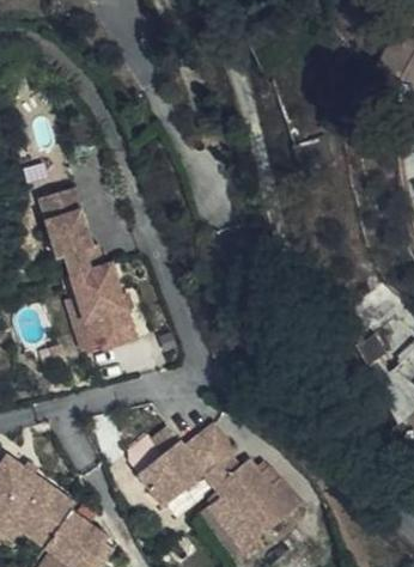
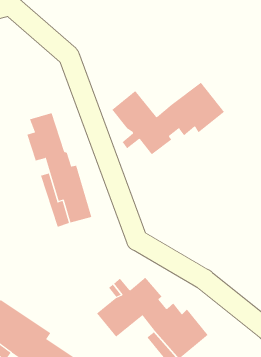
building: none -> [111,82,225,155]

